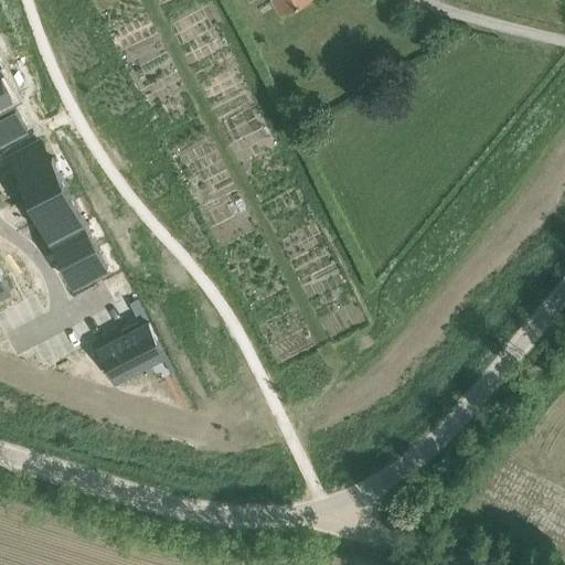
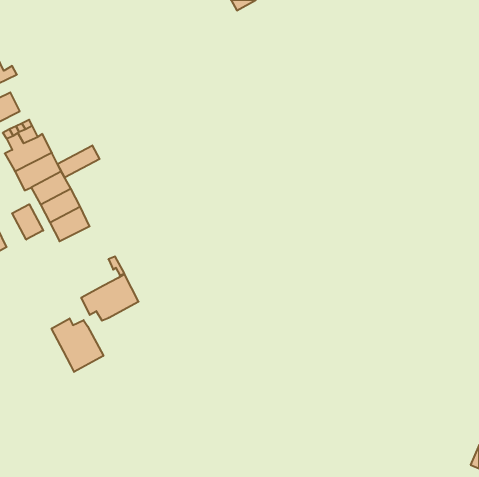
building: none -> [57,145,100,178]
building: none -> [12,204,43,240]
building: none -> [52,318,103,372]

